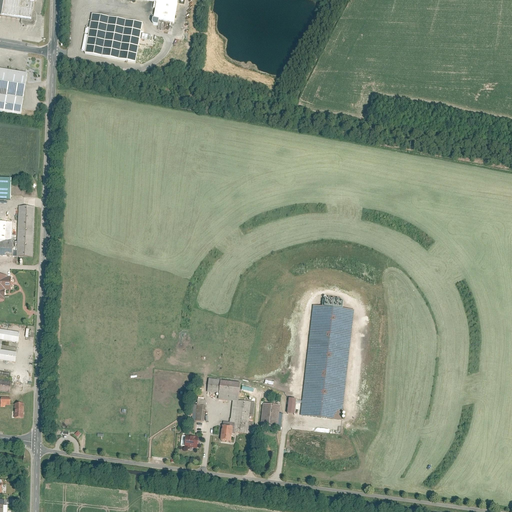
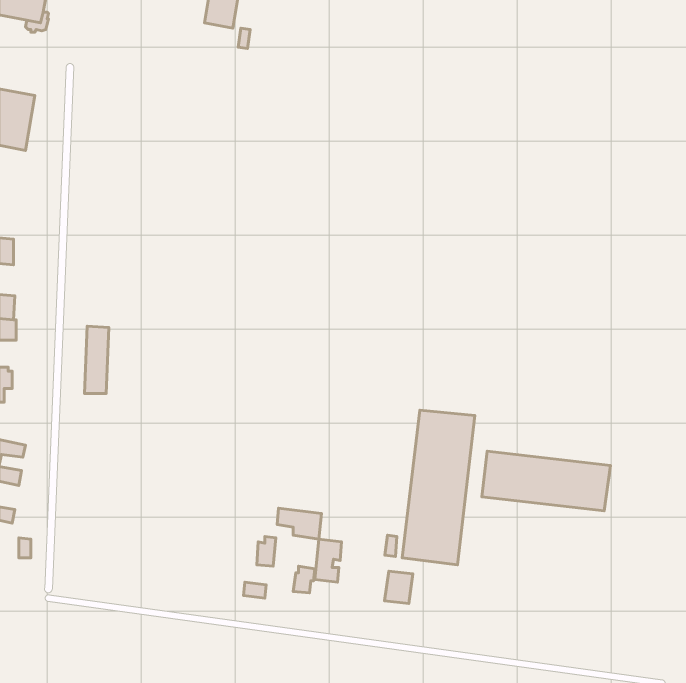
building: [85,12,141,59] -> none
building: [16,204,34,254] -> [85,326,109,393]
building: none -> [482,451,610,511]
building: [259,403,280,427] -> [385,571,413,604]

